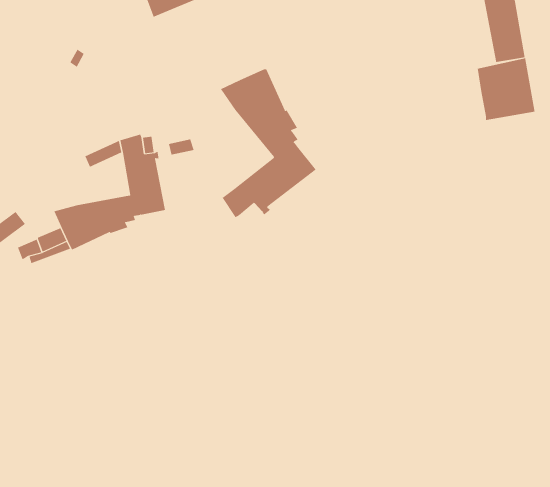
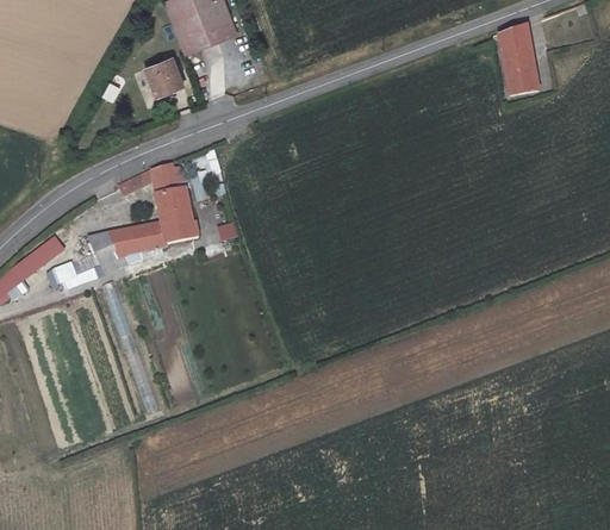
building: none -> [145,57,183,95]
building: [477,57,535,121] -> none
building: [220,68,317,218] -> none

